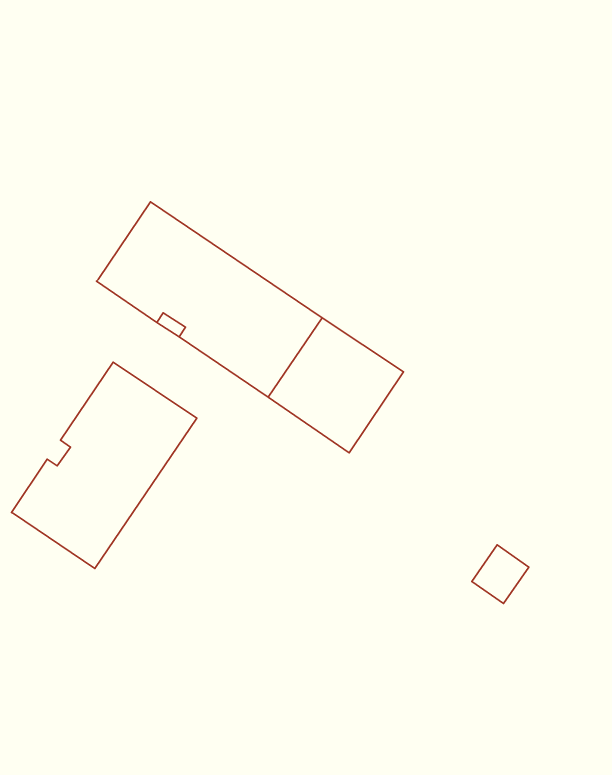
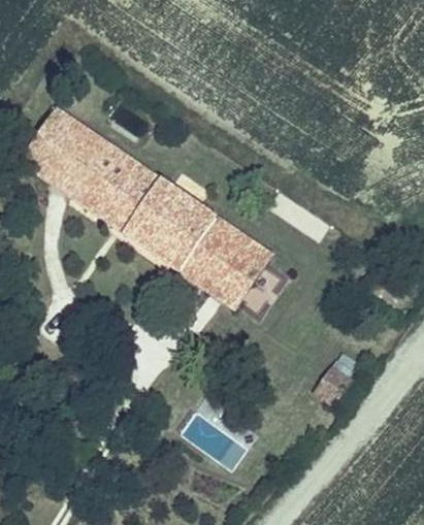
building: none -> [23,109,107,194]
building: [12,362,197,569] -> none

